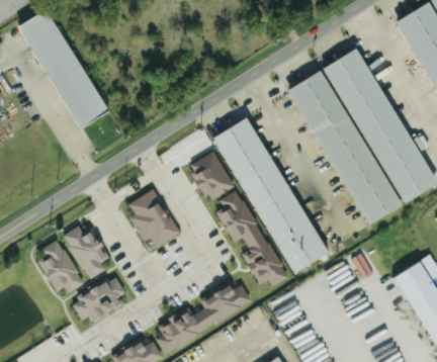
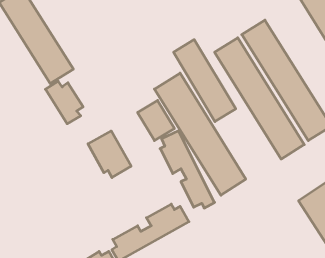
building: none -> [174,40,236,122]
building: [64,225,111,279] -> [45,81,83,124]
building: [39,239,86,292] -> none
building: [72,277,126,324] -> none

